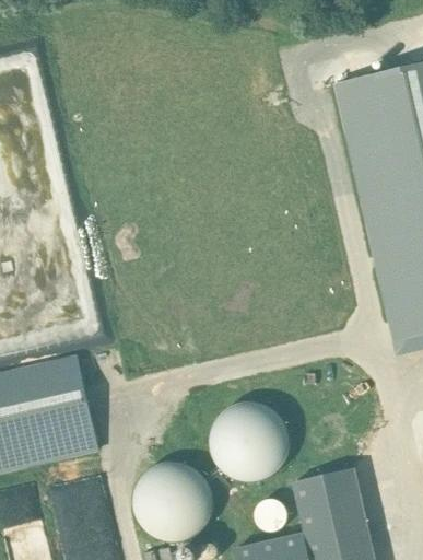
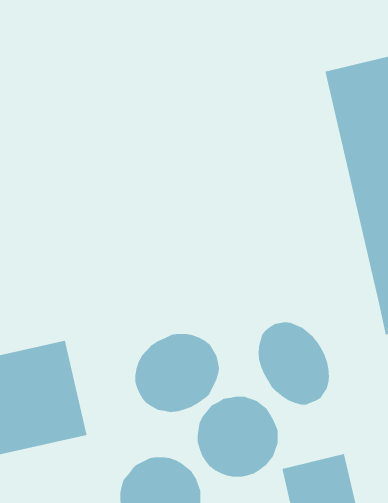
building: none -> [258,321,330,405]
building: none -> [135,333,220,413]

